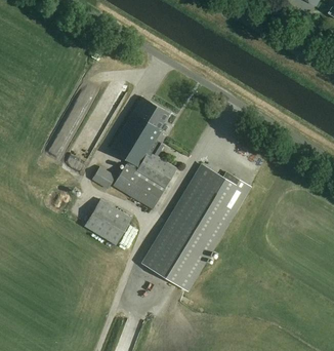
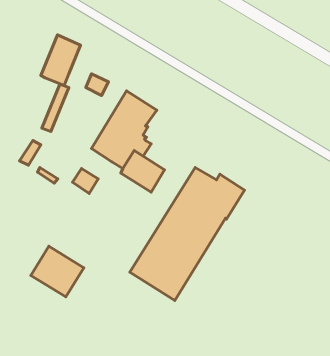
building: none -> [41,35,81,86]
building: [111,161,162,208] -> none
building: [83,199,131,245] -> [31,246,84,297]

